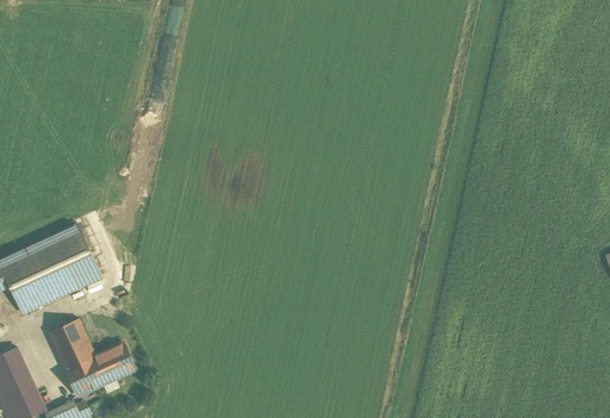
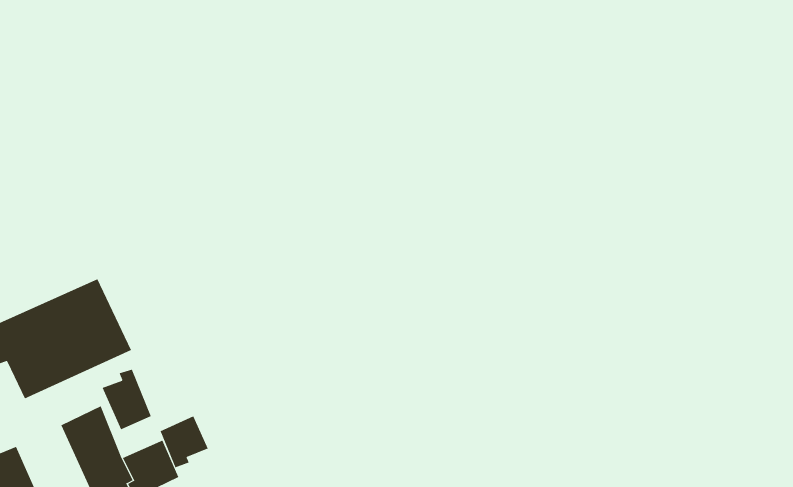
building: none -> [102,369,152,430]
building: none -> [160,415,209,468]

